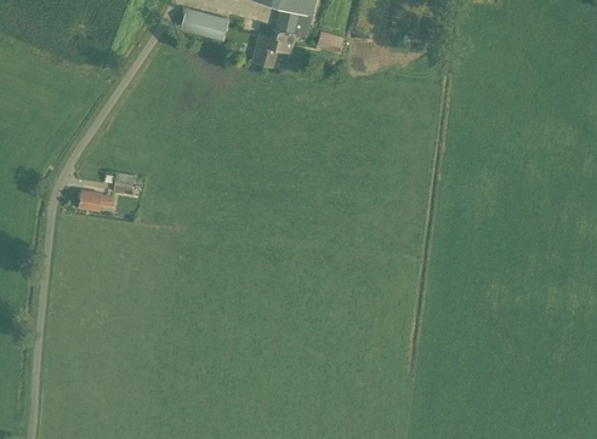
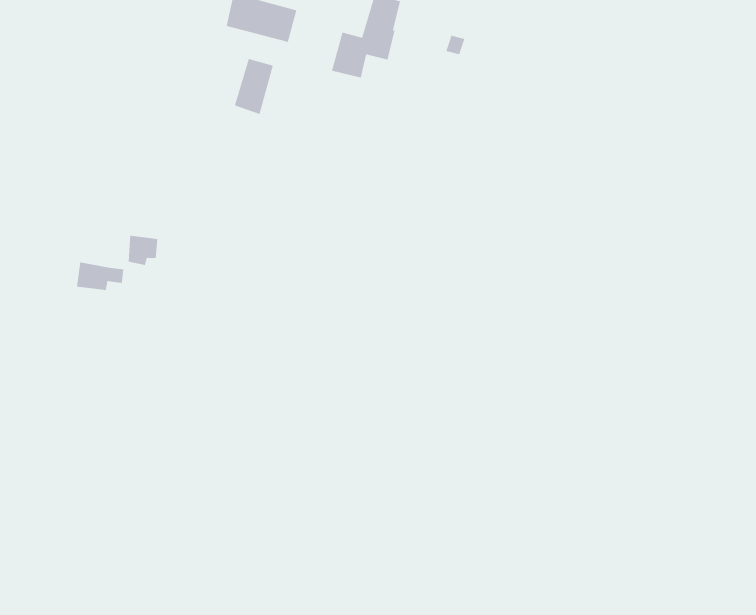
building: none -> [234,58,274,115]

